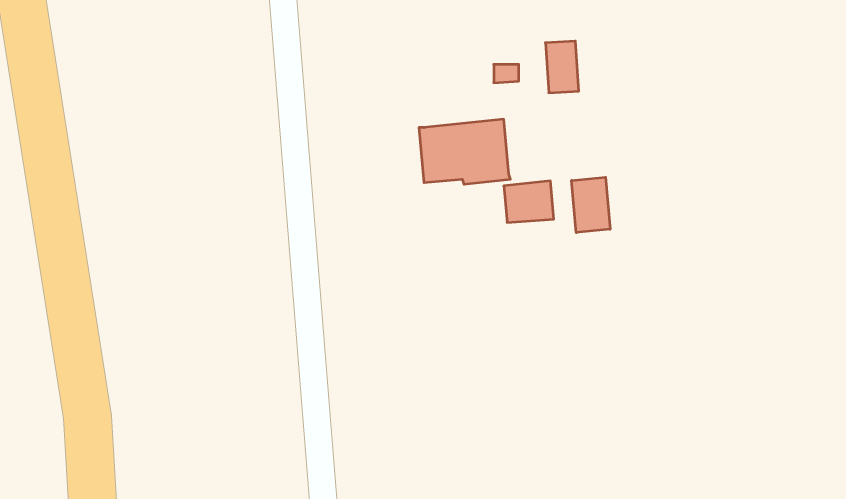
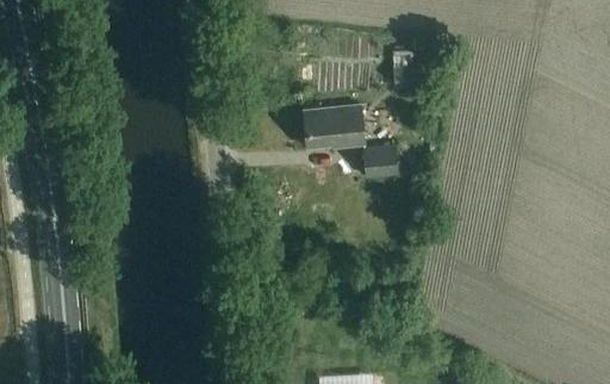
building: [572,177,610,233] -> none

